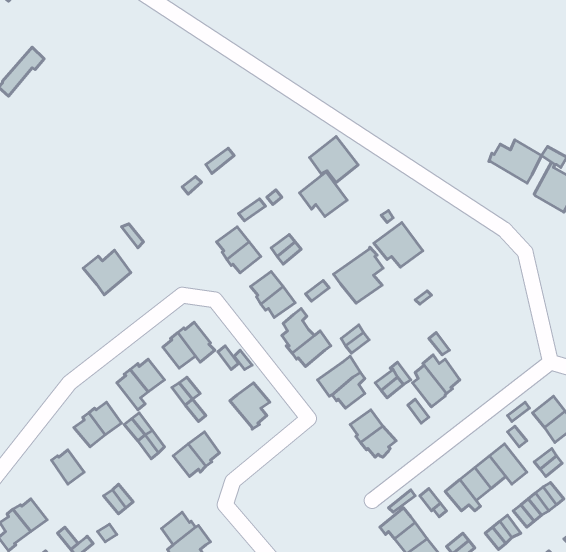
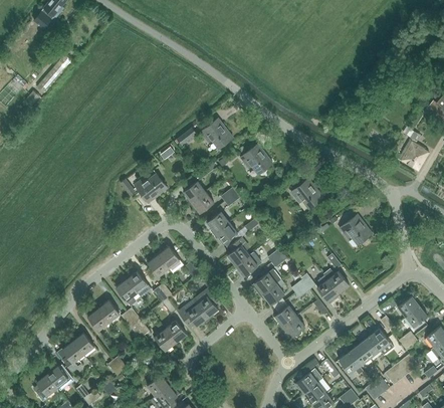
building: [309,137,358,183] -> [200,119,233,150]
building: [489,140,542,183] -> none
building: [333,247,383,303] -> none
building: [83,250,131,295] -> [135,173,167,203]
building: none -> [340,215,372,245]
building: none -> [178,299,208,327]
building: none -> [62,340,83,372]

